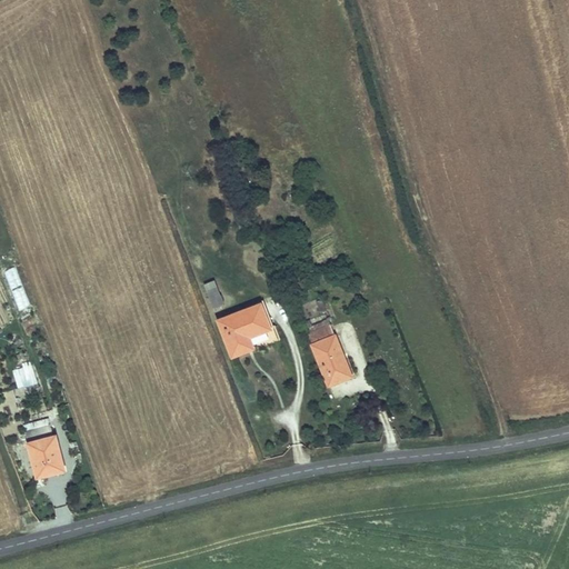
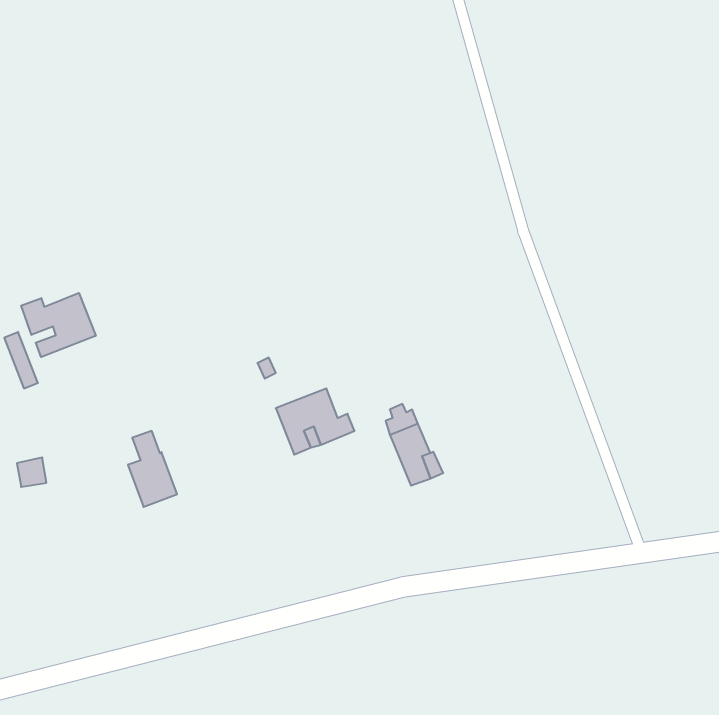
building: none -> [21,293,96,357]
building: [28,413,67,473] -> [128,431,177,507]

